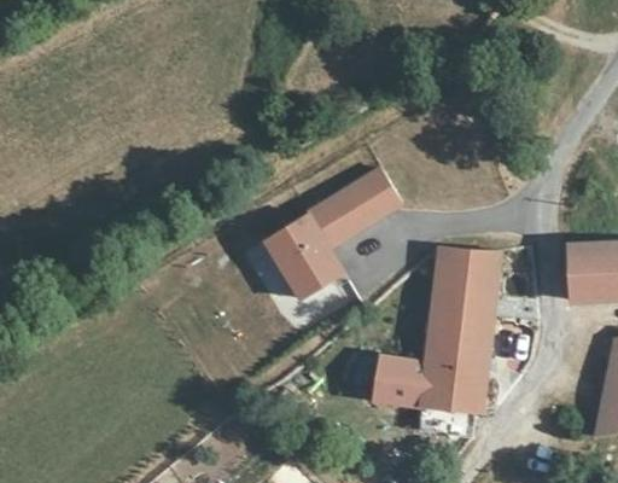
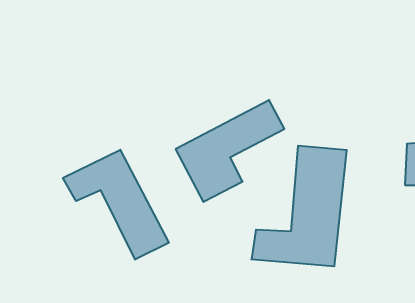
building: none -> [63,150,169,260]

